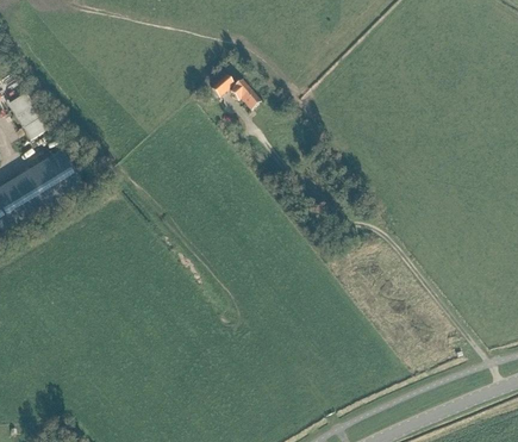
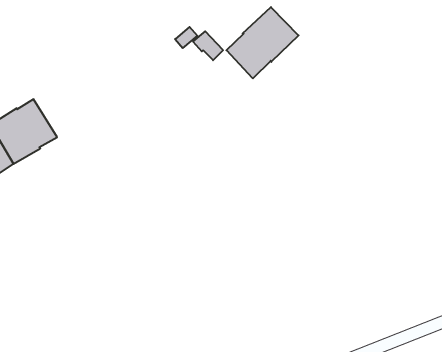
building: none -> [226,7,299,78]

